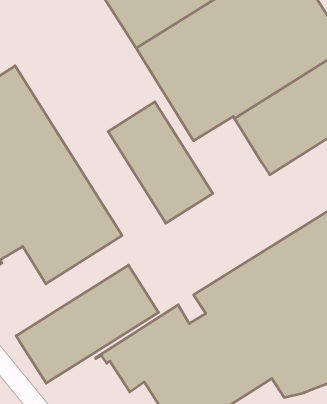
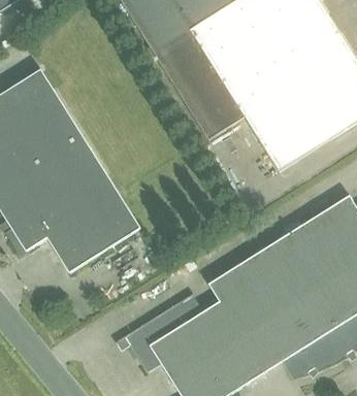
building: [108,102,213,223] -> none
building: [16,265,159,383] -> none

